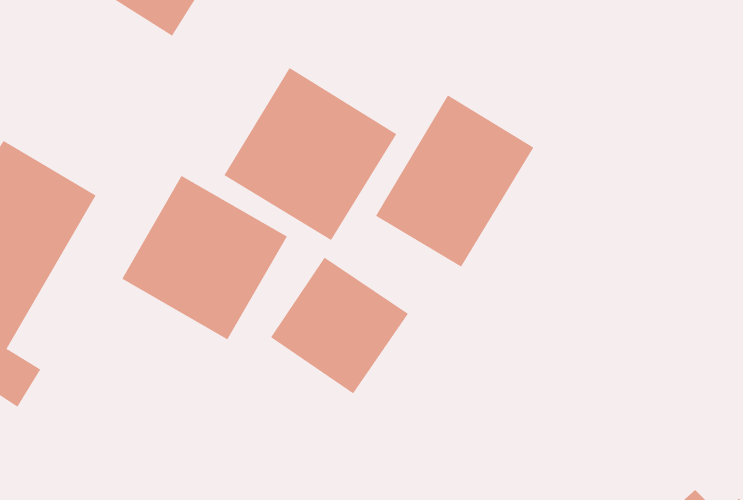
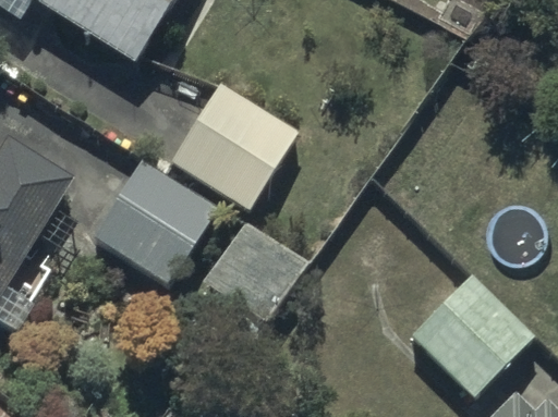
building: [375,95,534,267] -> none
building: none -> [411,277,531,394]

